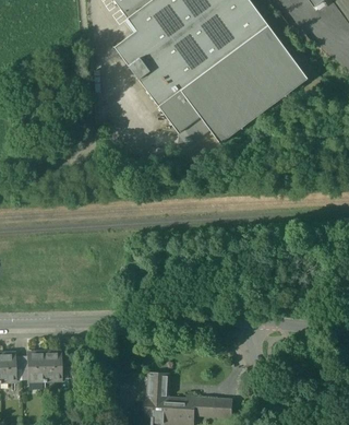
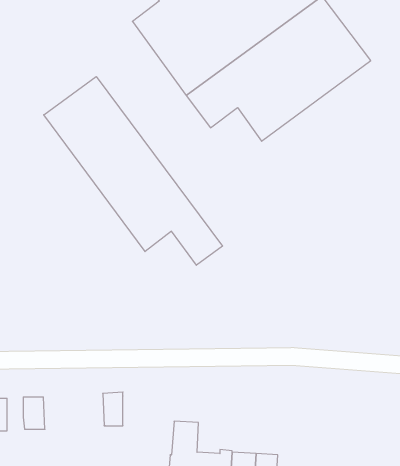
building: none -> [44,77,223,265]
building: [44,351,60,378] -> [103,392,123,426]

